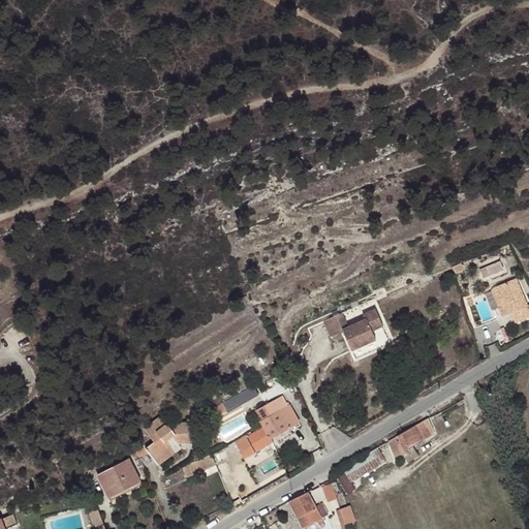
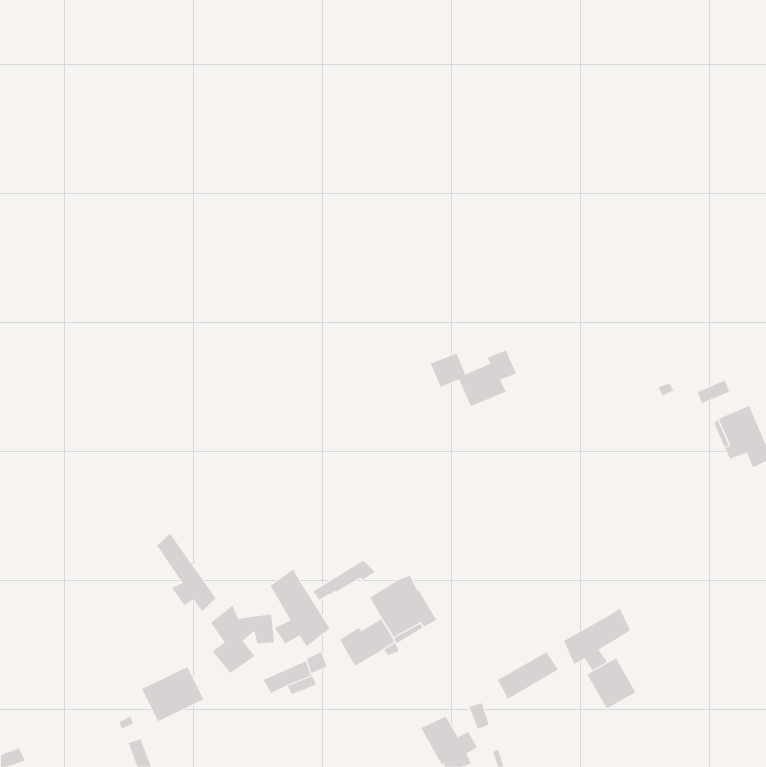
building: [320,312,380,351] -> [430,350,517,407]
building: none -> [157,533,216,612]
building: none -> [270,568,330,647]
building: none -> [586,658,636,709]

